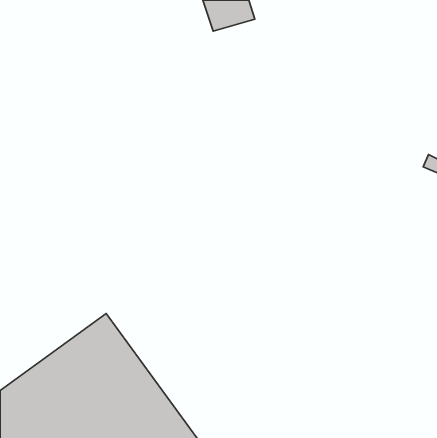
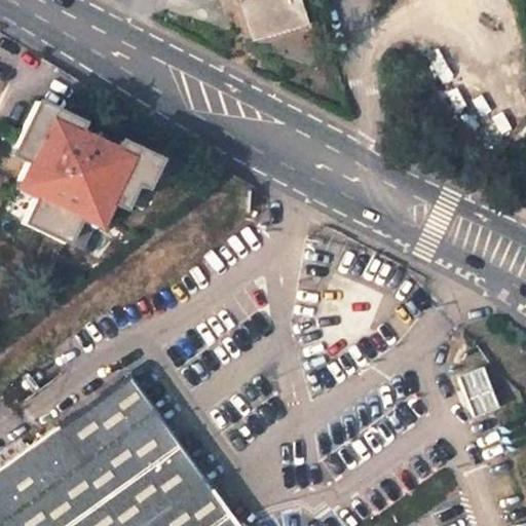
building: none -> [15,104,159,246]
building: none -> [456,367,498,421]

